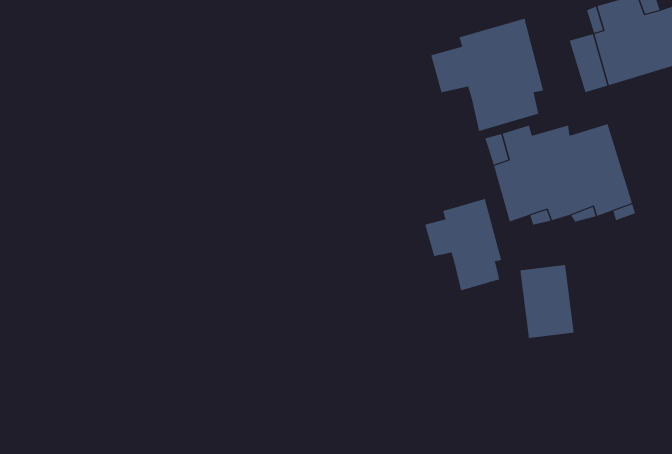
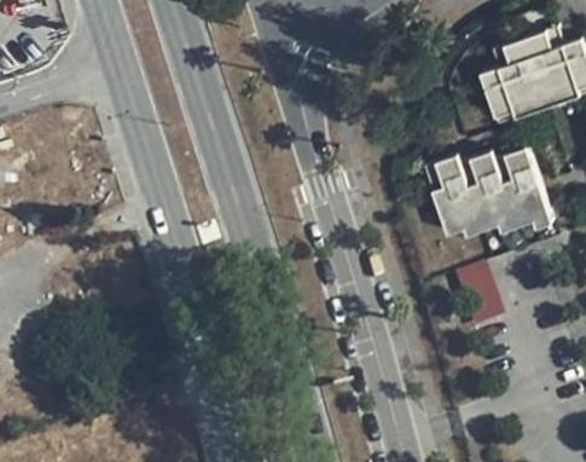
building: [430,18,544,132] -> none
building: [425,198,502,291] -> none

